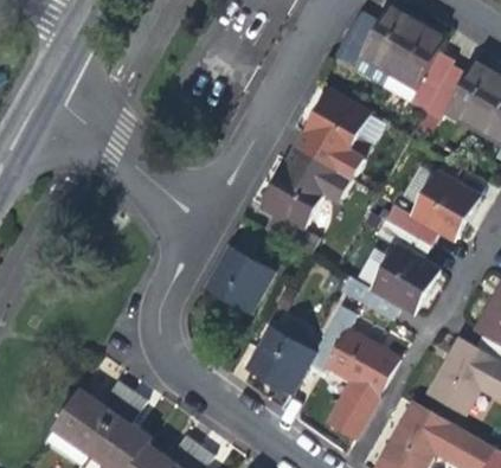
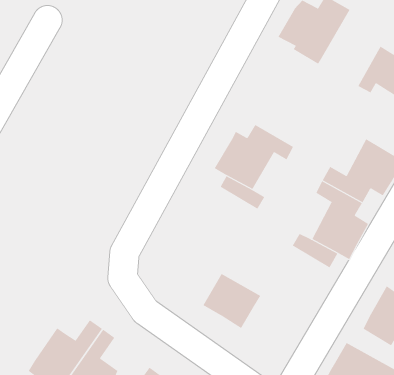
building: [384,23,451,110] -> none
building: [294,90,371,180] -> none
building: [205,245,272,313] -> none
building: [307,320,399,436] -> none

